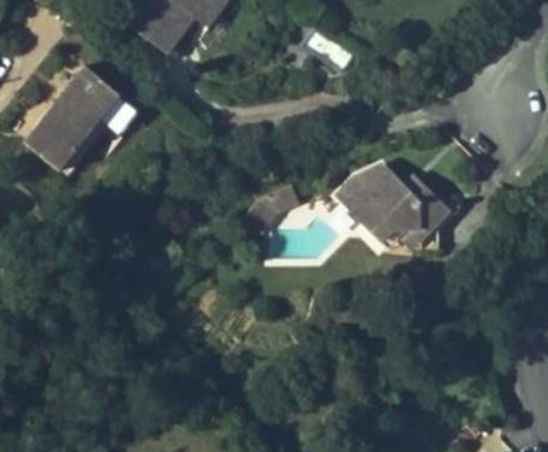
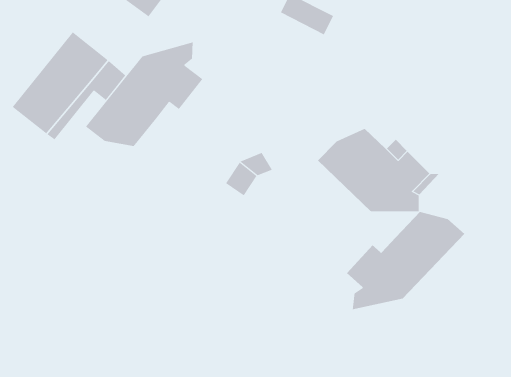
building: none -> [85,41,203,147]
building: none -> [346,211,465,310]

